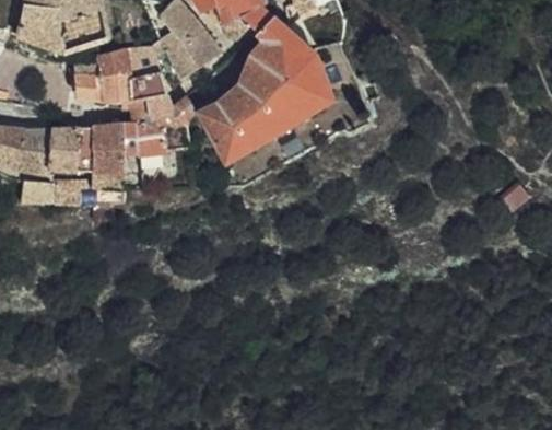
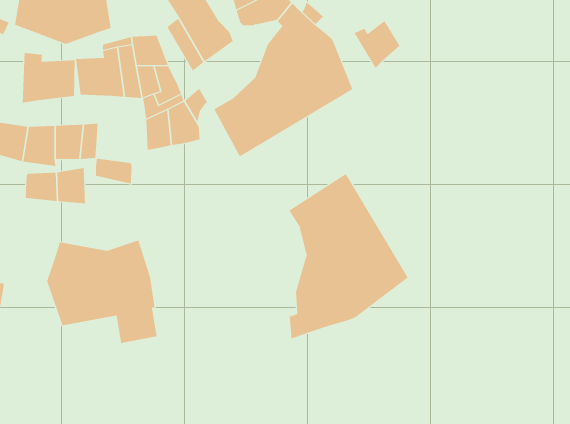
building: none -> [354,20,400,69]
building: none -> [22,52,75,103]
building: [91,127,125,165] -> none
building: none -> [288,173,408,340]
building: none -> [47,239,157,344]

